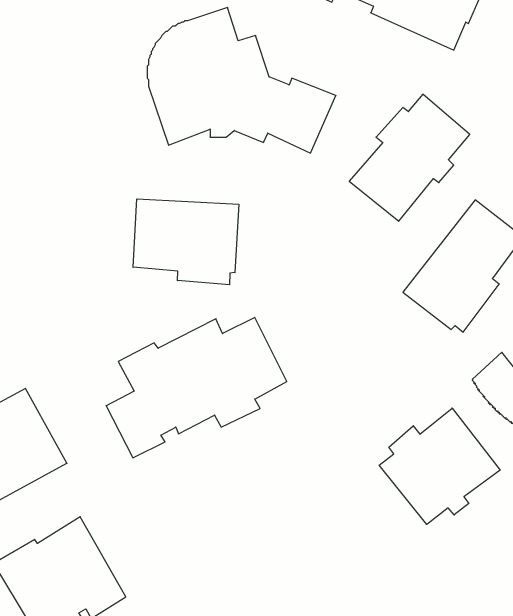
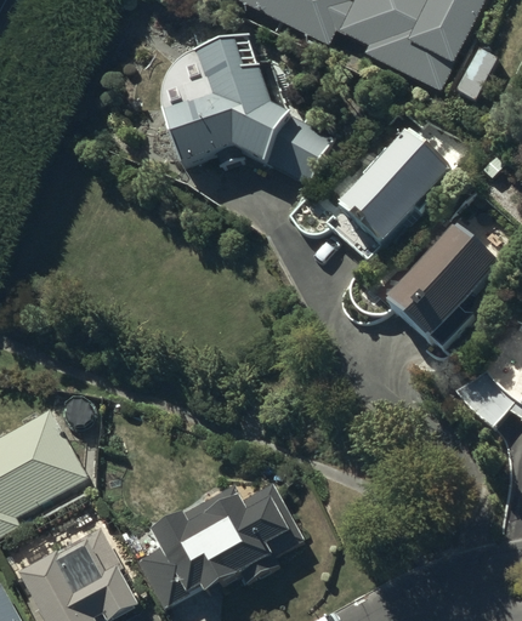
building: [133,199,239,285] -> none
building: [106,317,287,458] -> [140,473,303,600]
building: [379,408,500,524] -> none

